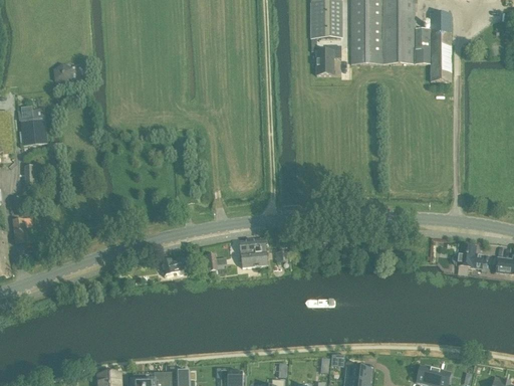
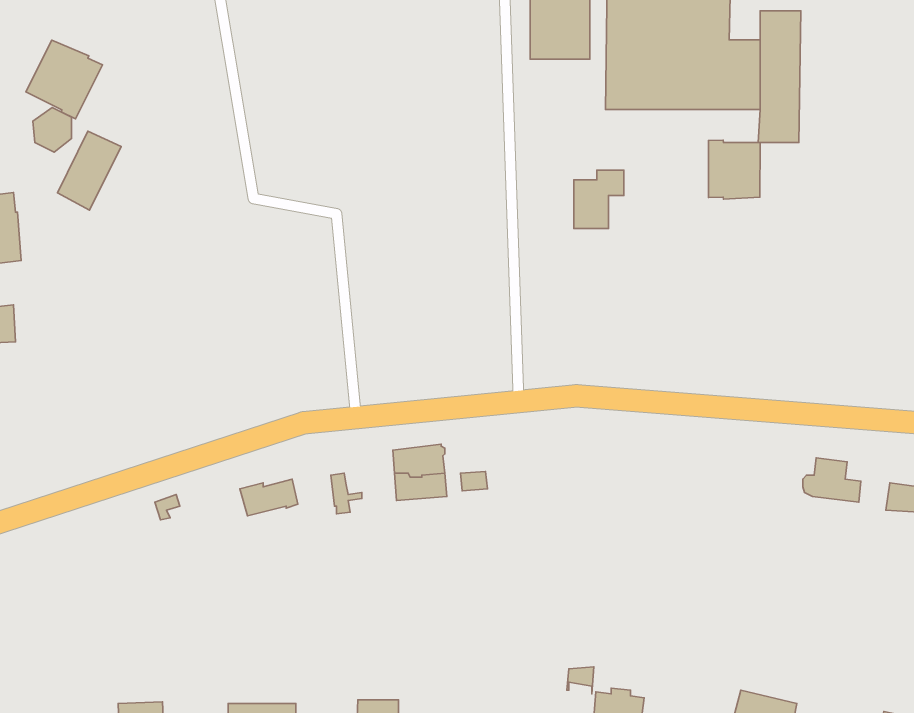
building: none -> [26,40,103,119]
building: [314,44,340,74] -> [574,170,624,228]
building: none -> [58,131,121,210]
building: none -> [709,140,760,199]

